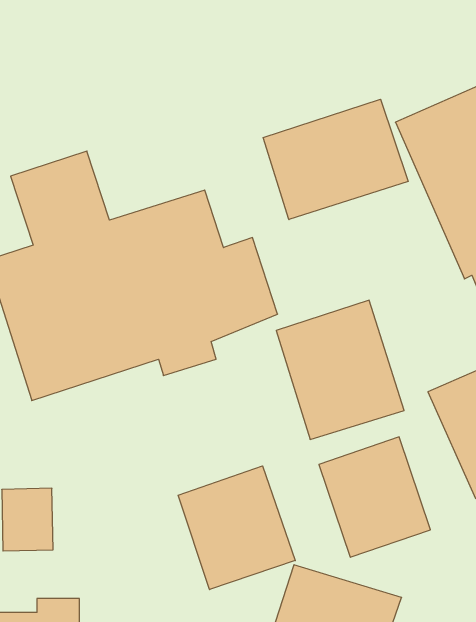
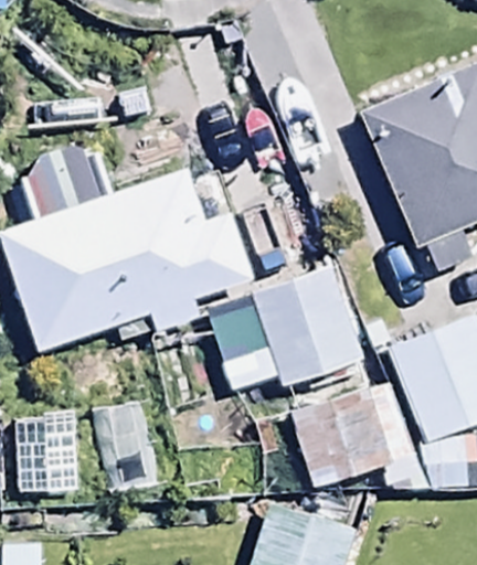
building: [263,99,408,220] -> none
building: [178,466,295,590] -> none

